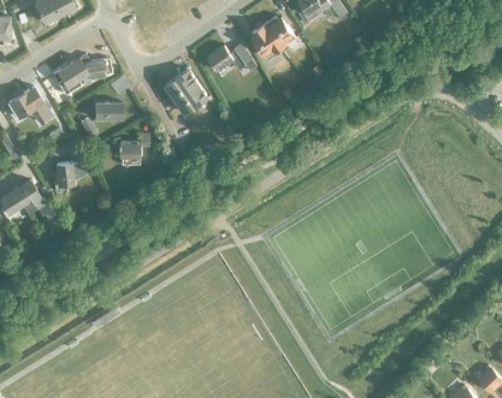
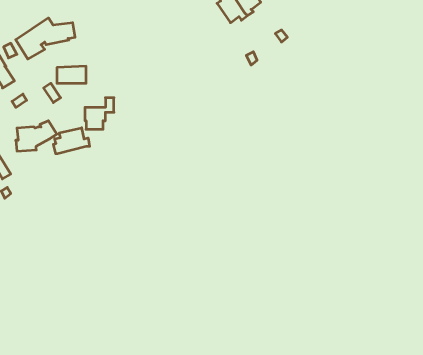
building: [207,43,252,70] -> none
building: [165,70,207,113] -> none
building: none -> [53,128,90,154]

